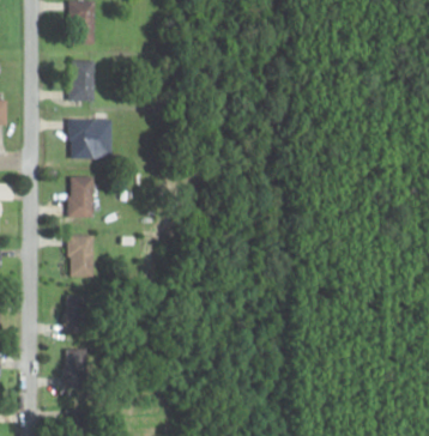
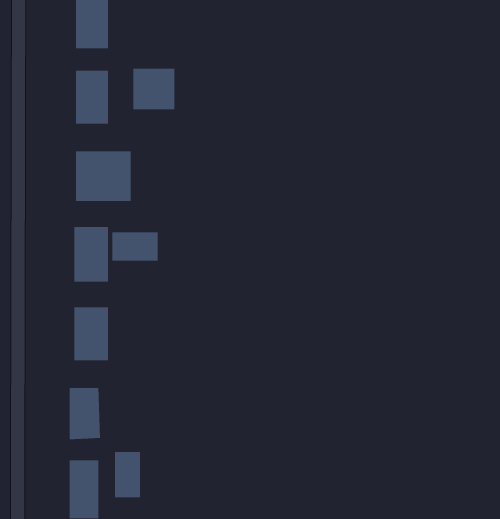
building: none -> [133,68,175,110]
building: none -> [112,232,158,262]
building: none -> [114,451,141,498]

